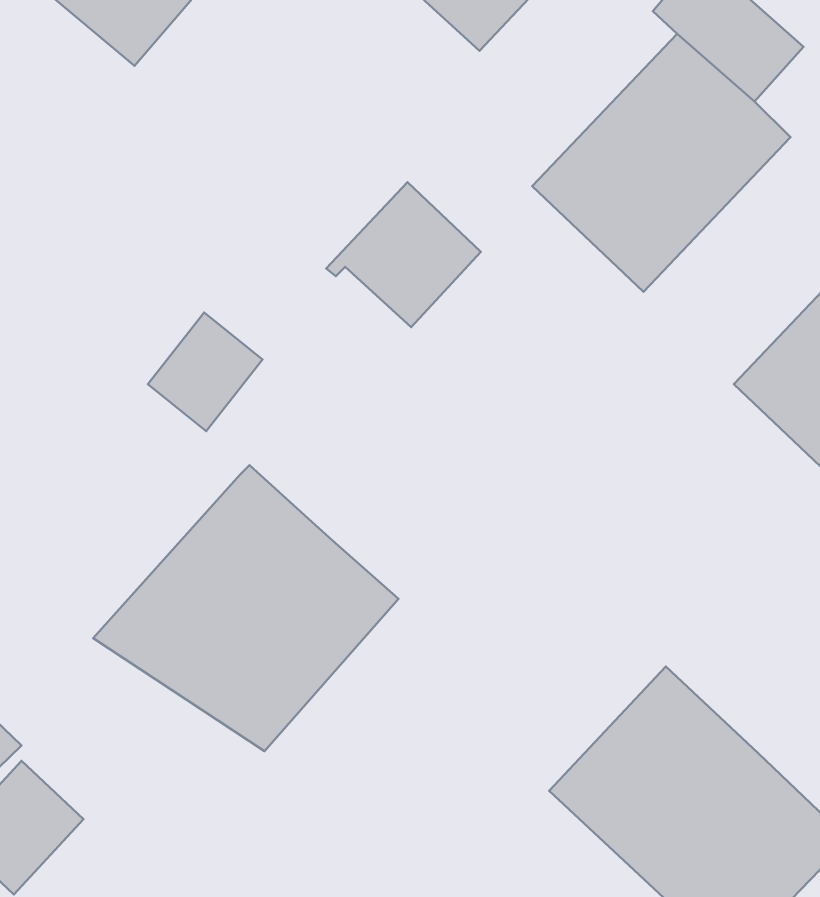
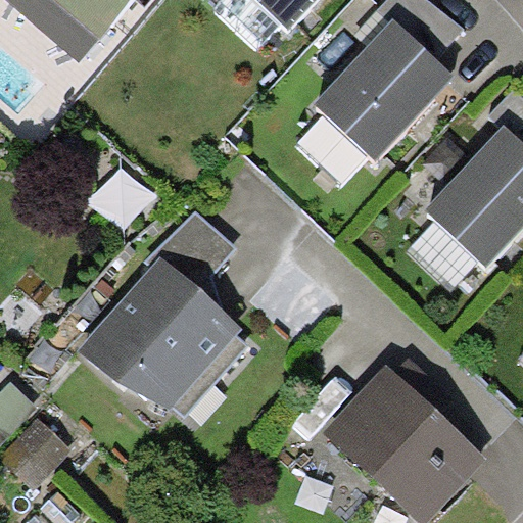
building: [326,182,481,327] -> [150,209,234,288]

